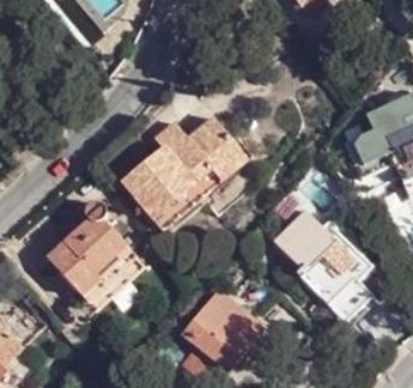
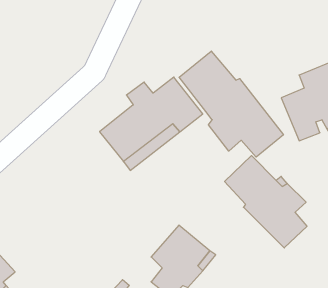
building: none -> [179,51,283,157]
building: [48,202,142,307] -> none

